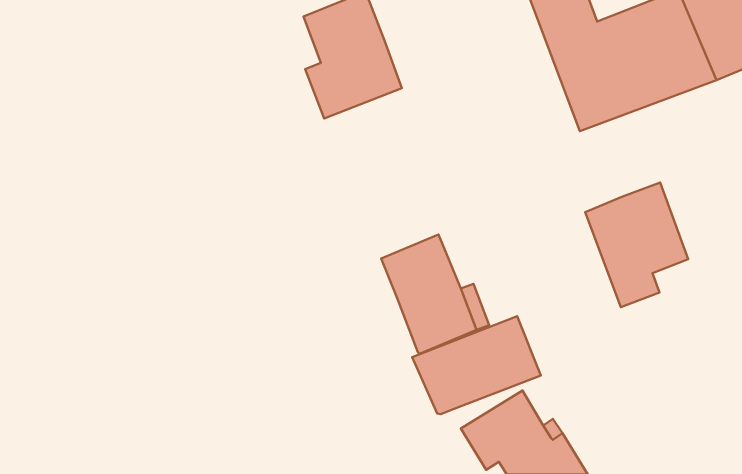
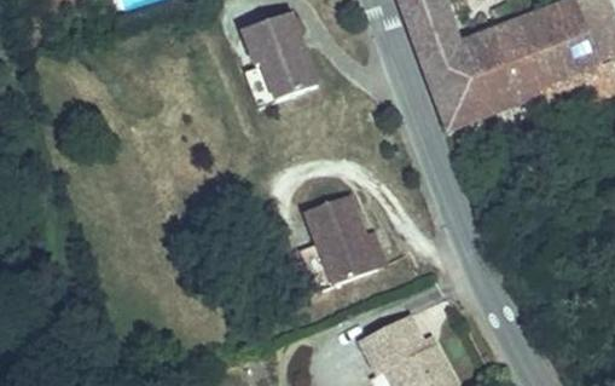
building: [585,182,688,307] -> none
building: [412,316,541,414] -> none

